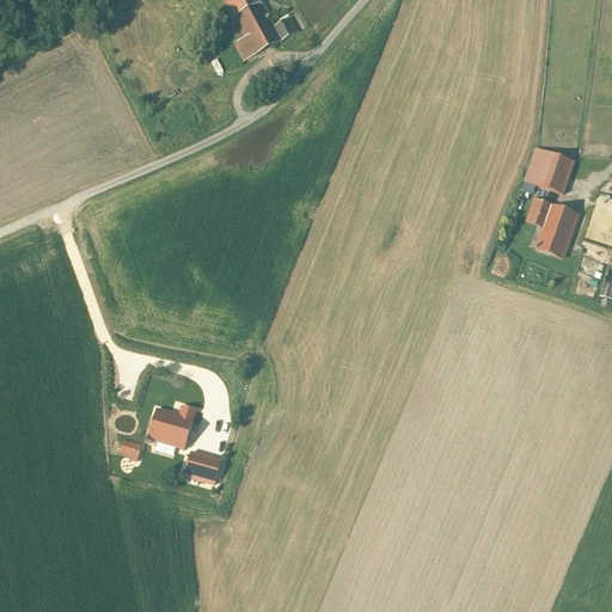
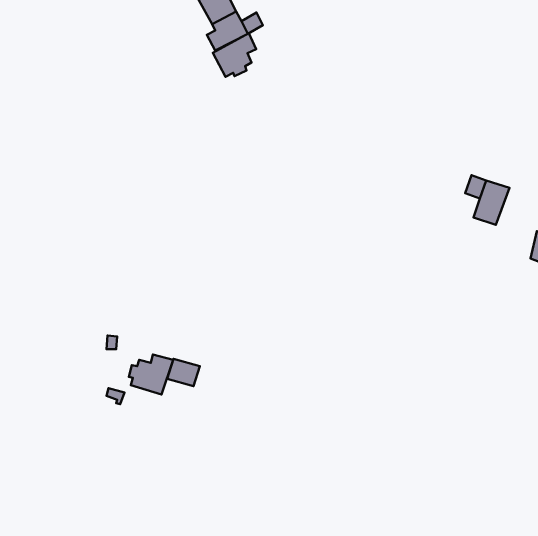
building: none -> [213,33,256,77]
building: [525,147,574,192] -> none
building: [185,451,222,482] -> [167,359,200,386]

